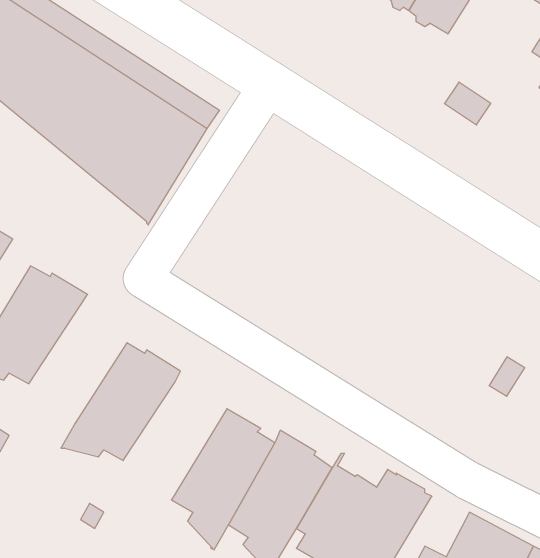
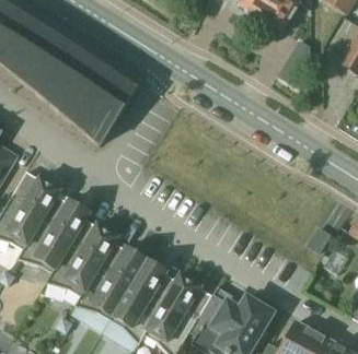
building: none -> [16,196,90,268]
building: none -> [73,243,147,315]

